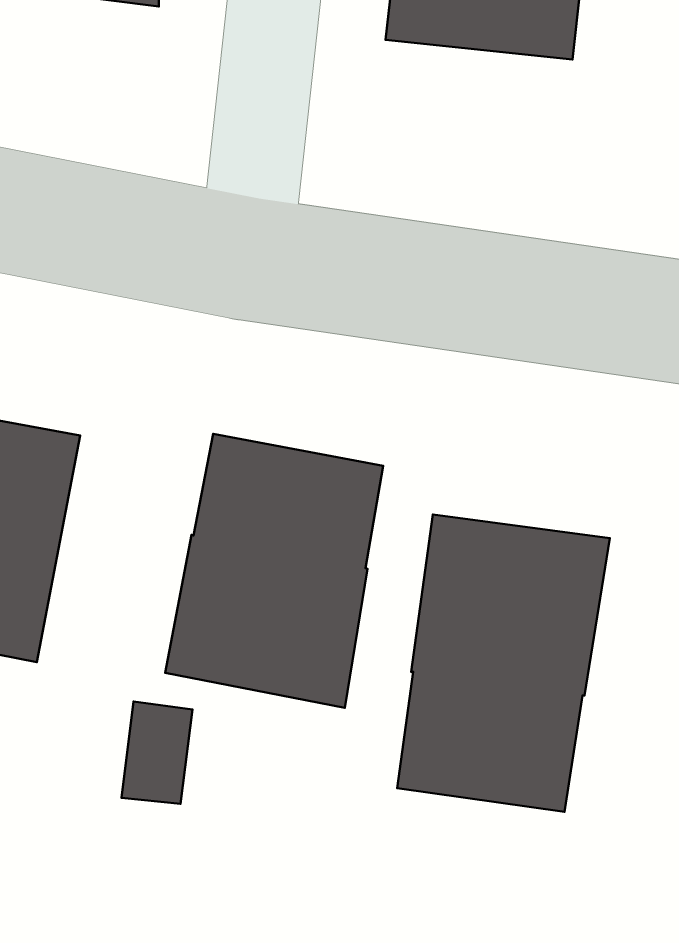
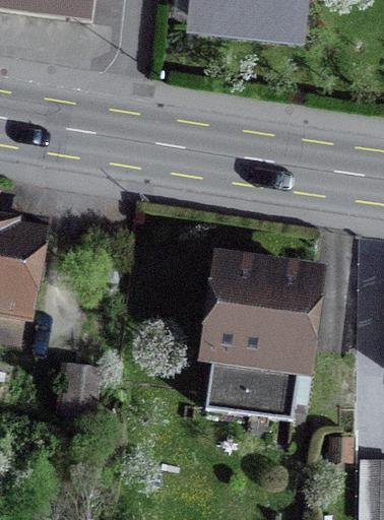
building: [165,434,383,708] -> none

